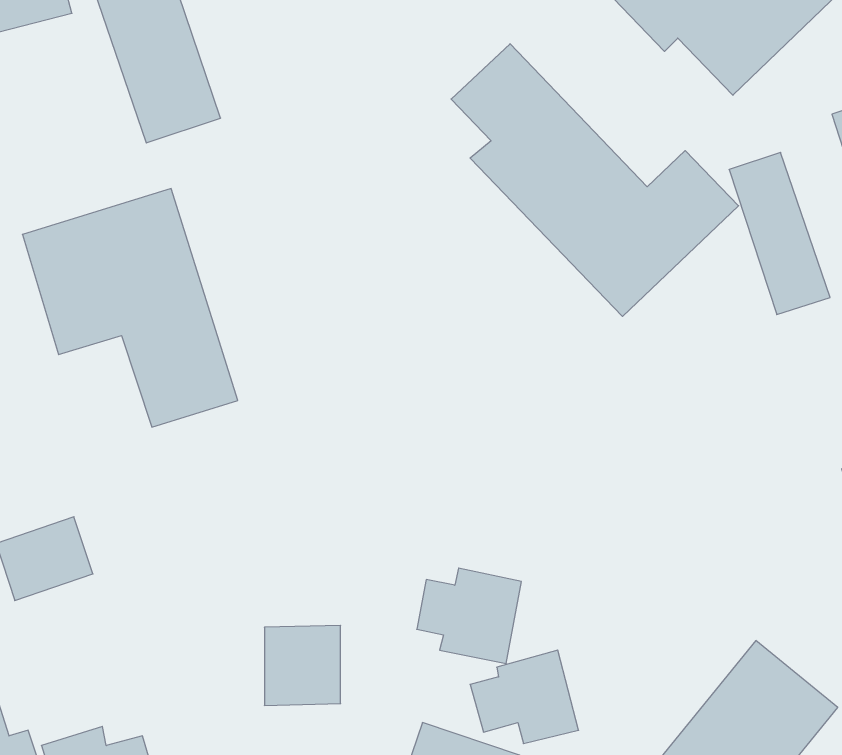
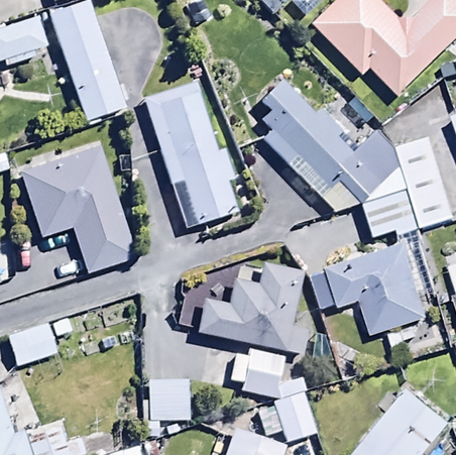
building: none -> [144,80,239,222]
building: none -> [362,181,416,229]
building: none -> [309,227,436,334]
building: none -> [197,262,309,353]

